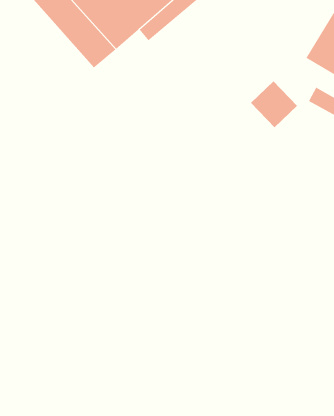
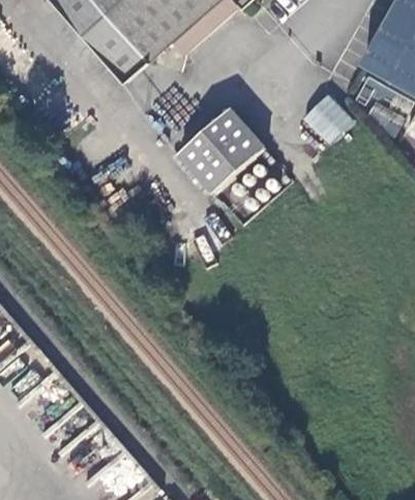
building: none -> [179,107,263,189]

